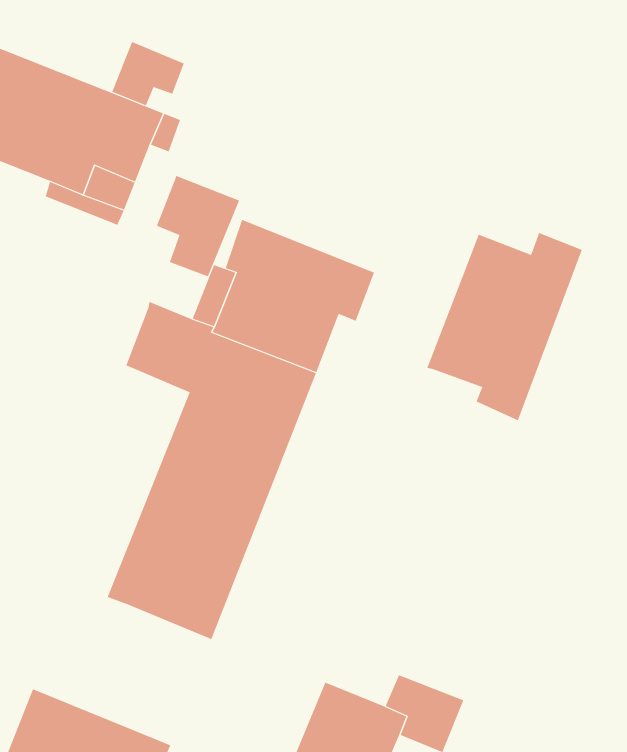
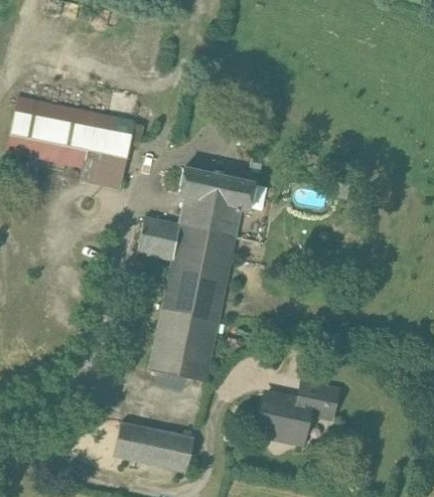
building: [111,41,184,106] -> none
building: [156,175,240,277] -> none
building: [427,232,583,421] -> none

